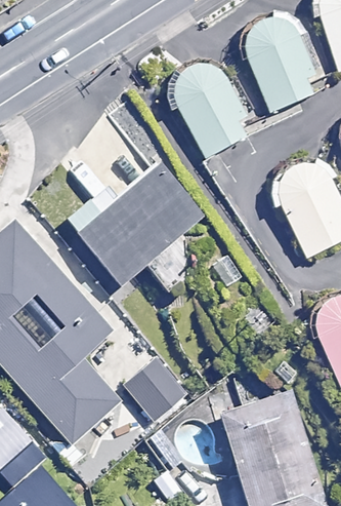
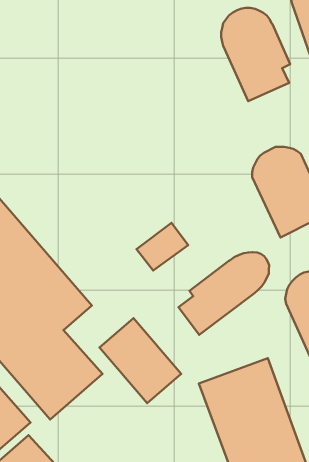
building: [172,64,247,159] -> none
building: [67,159,202,289] -> none
building: none -> [179,252,269,335]

